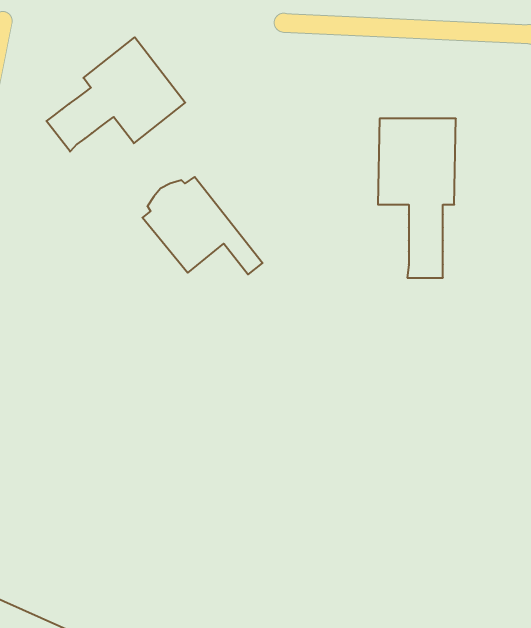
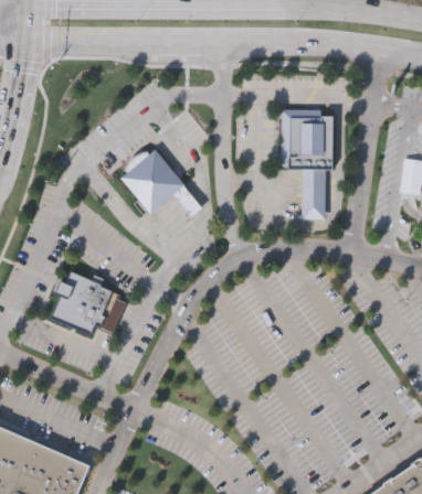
building: [46,37,185,152] -> none
building: none -> [50,270,127,336]

